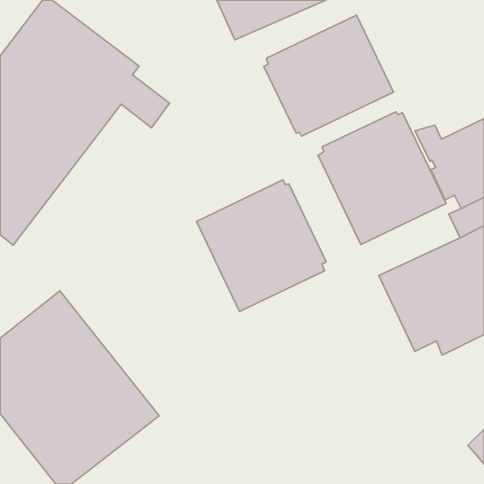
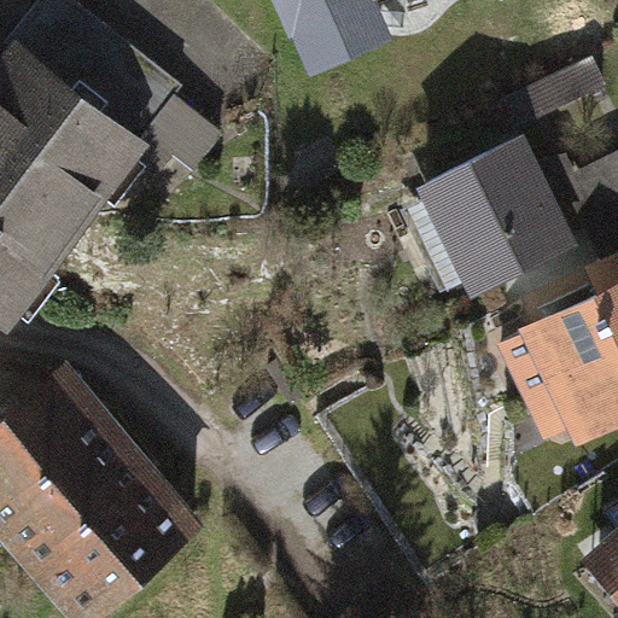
building: [264,15,394,136] -> none
building: [196,180,326,312] -> none

